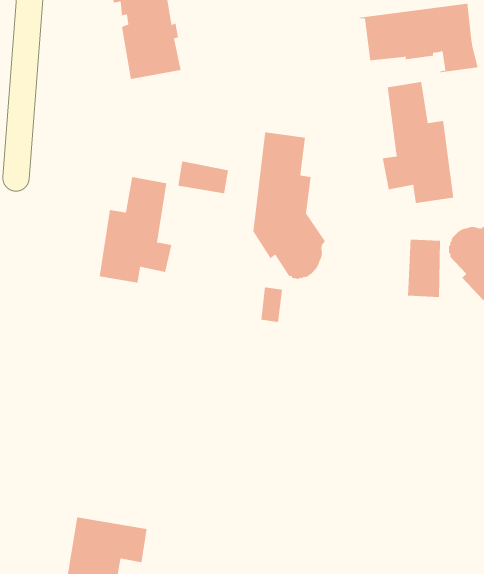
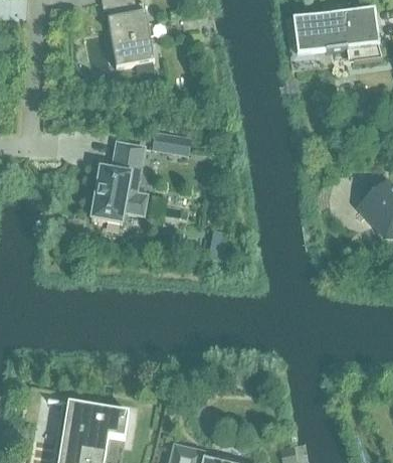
building: [382,81,454,204] -> none
building: [253,131,326,280] -> none
building: [407,239,440,298] -> none

